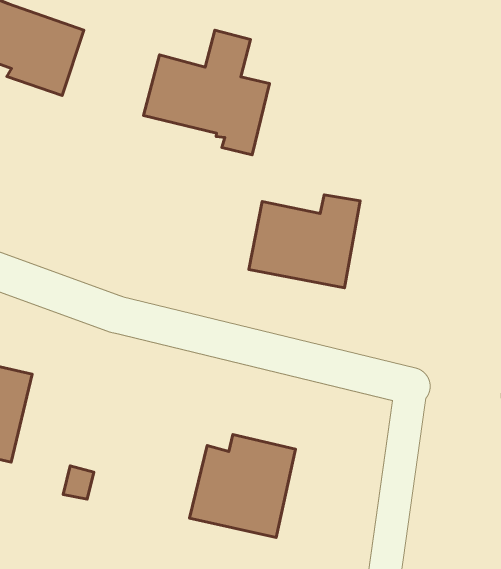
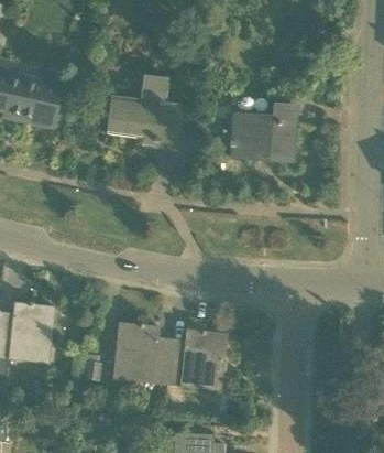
building: [249,195,360,288] -> [231,104,296,161]
building: none -> [112,321,171,385]

